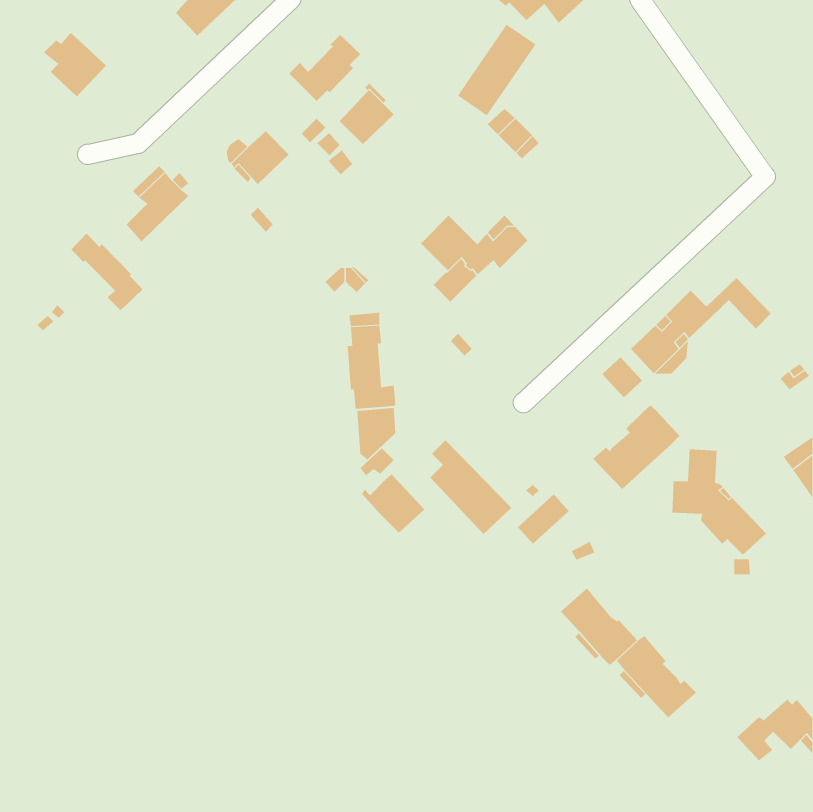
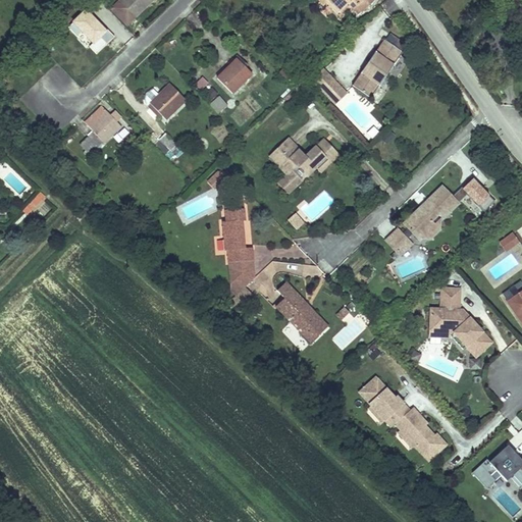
building: [457,24,537,116] -> [351,39,402,98]
building: [43,32,107,97] -> [74,13,115,55]
building: [289,34,361,102] -> none
building: [71,233,143,310] -> none
building: [592,404,680,490] -> none
building: [361,474,425,533] -> none

